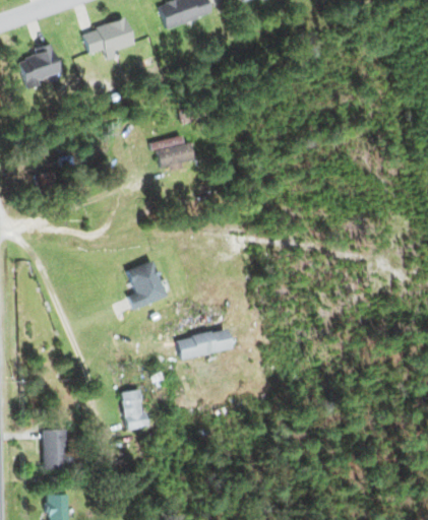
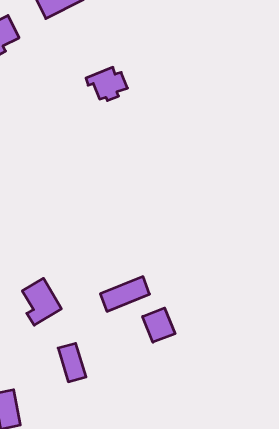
building: [150,135,194,171] -> [86,67,128,101]
building: [126,260,166,310] -> [22,278,61,325]
building: none -> [143,308,175,342]

